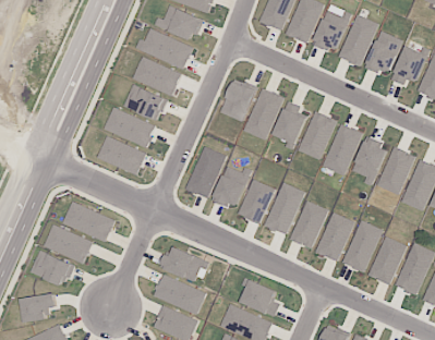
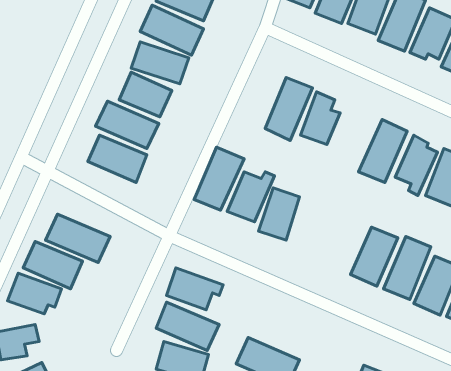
building: [221,81,255,121] -> none
building: [299,111,335,159] -> none
building: [264,182,304,234] -> none
building: [290,201,327,248] -> none
building: [241,281,279,315] -> none

